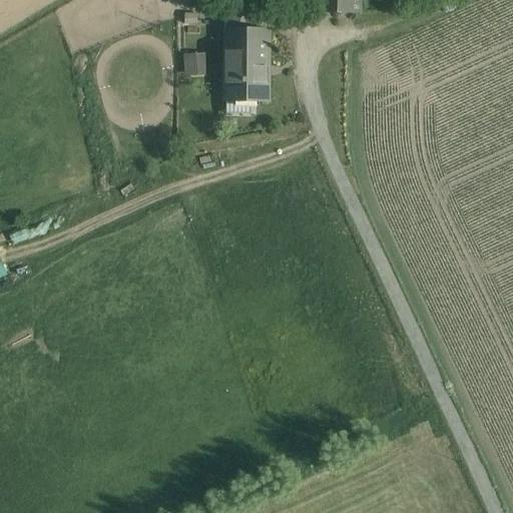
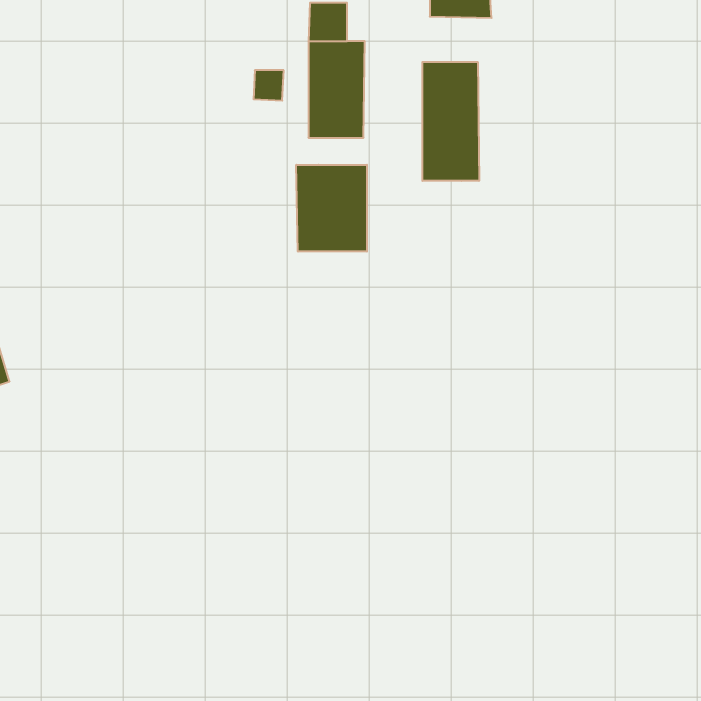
building: none -> [422,62,479,181]
building: none -> [296,165,367,252]

